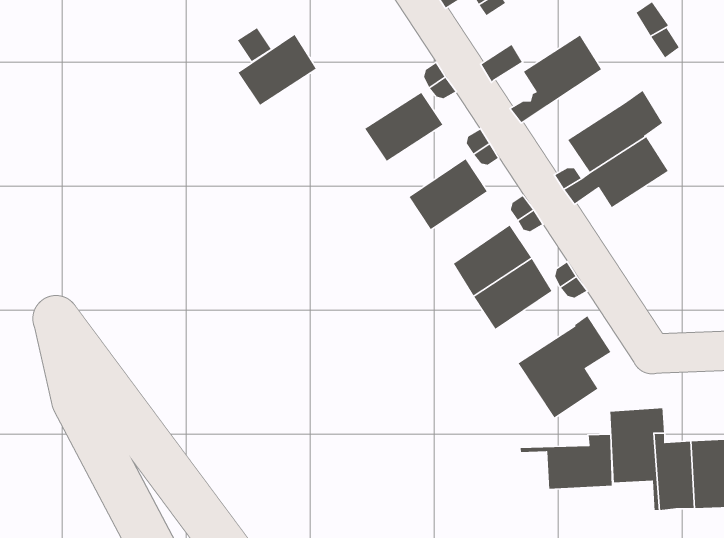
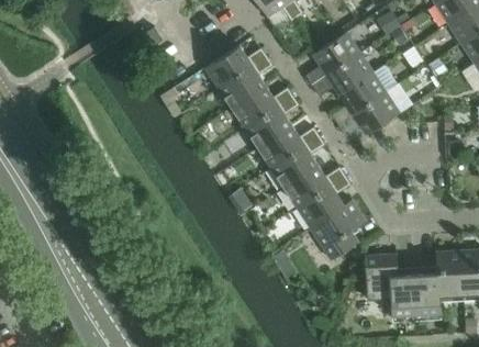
building: [238,34,317,106] -> [205,45,253,88]
building: none -> [312,53,374,94]
building: none -> [232,86,279,128]
building: none -> [258,125,305,168]
building: none -> [297,184,344,227]
building: [520,434,613,489] -> none

